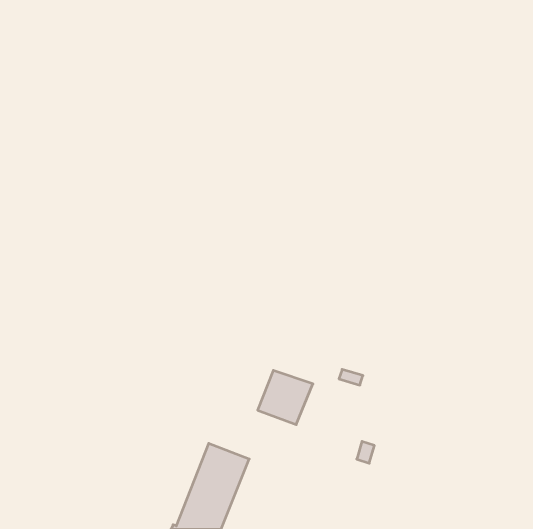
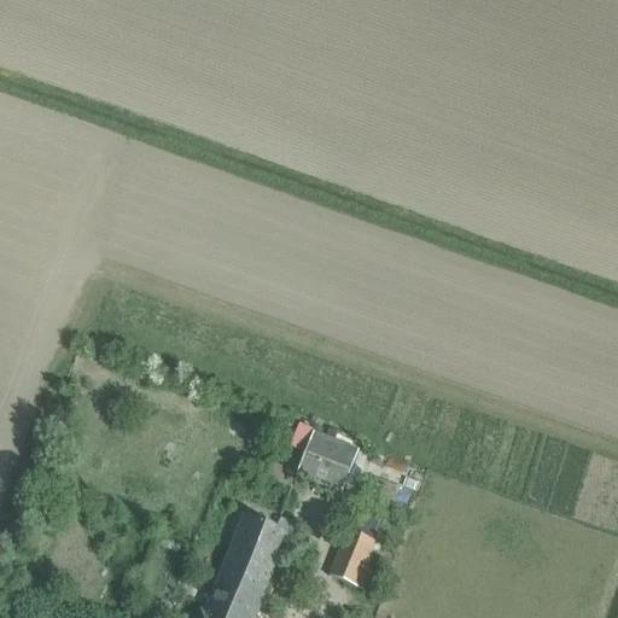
building: none -> [330,527,375,585]

